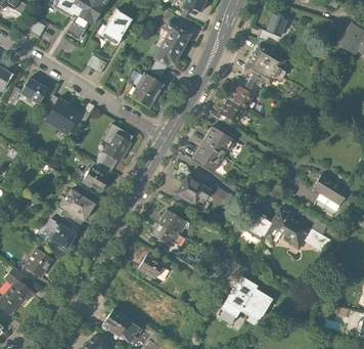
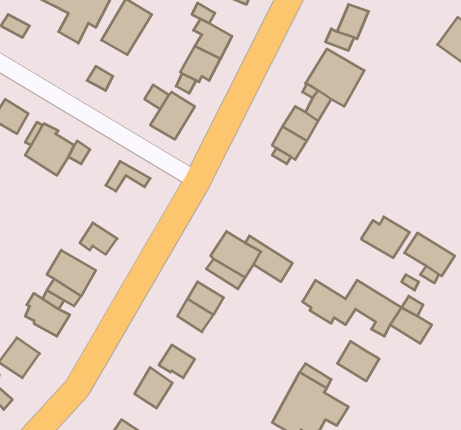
building: [192,127,231,171] -> none
building: [103,134,130,162] -> none
building: none -> [362,217,410,258]
building: none -> [337,341,379,381]
building: none -> [135,367,172,408]

